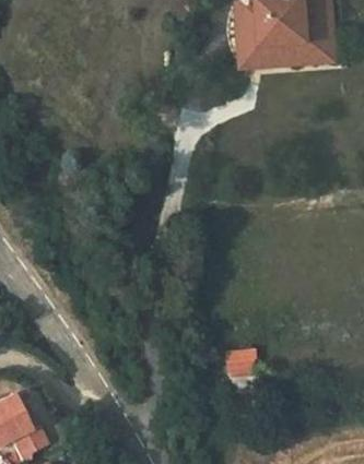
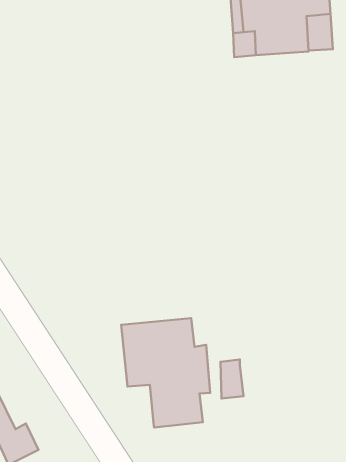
building: none -> [121,318,210,427]

